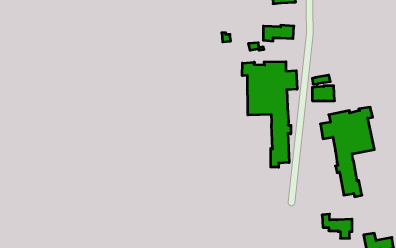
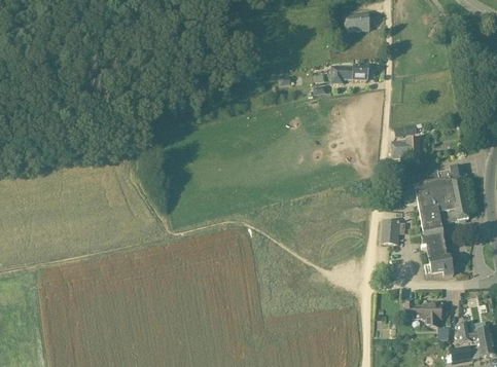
building: [242,62,297,167] -> none
building: none -> [381,220,400,245]

